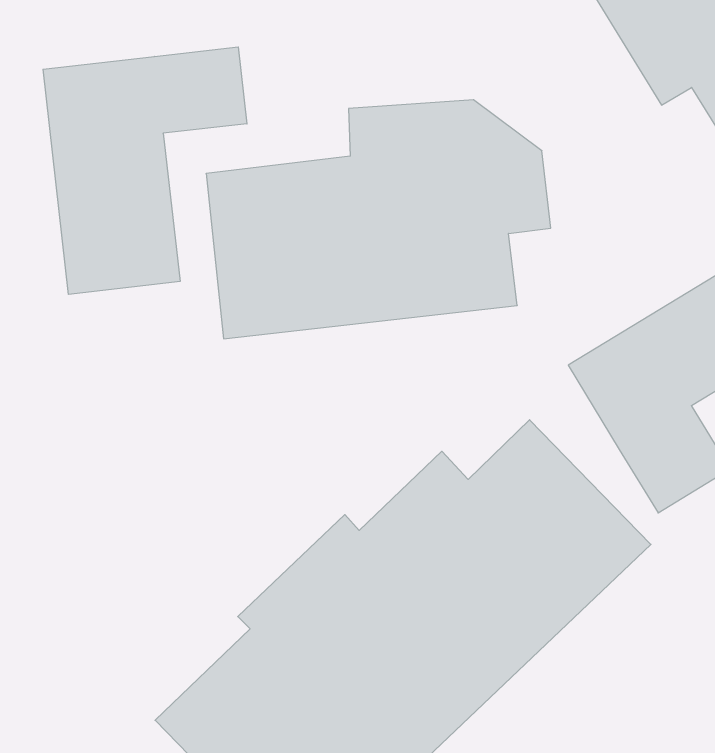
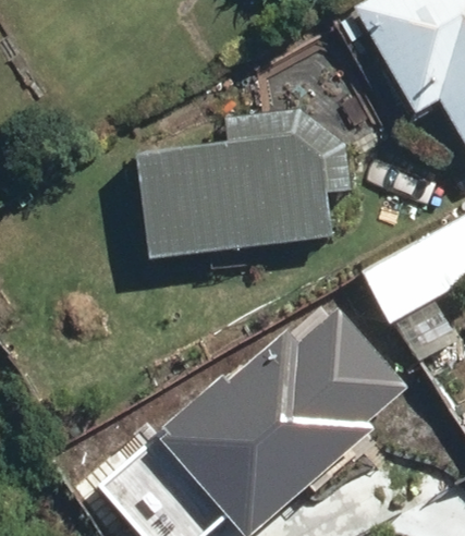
building: [43,47,247,294] -> none

